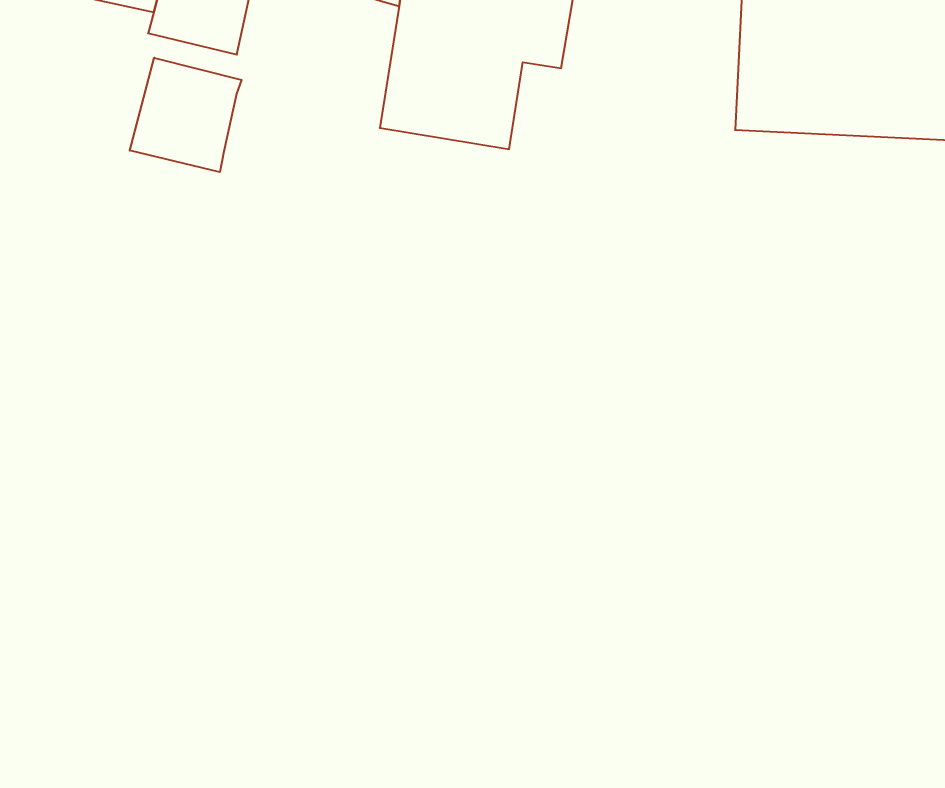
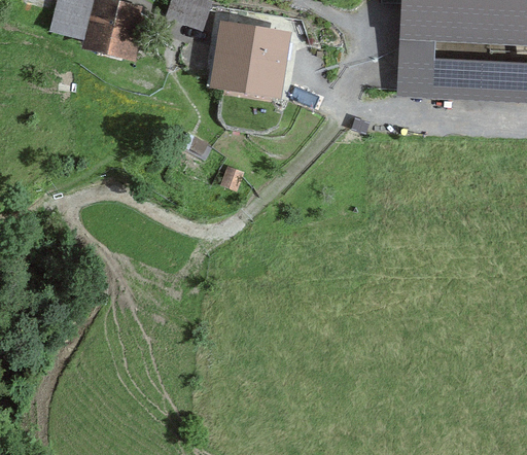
building: [130,58,242,172] -> none

